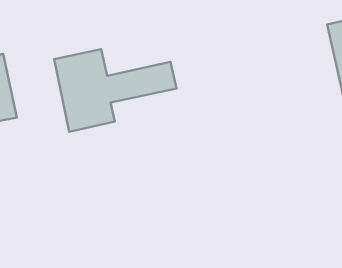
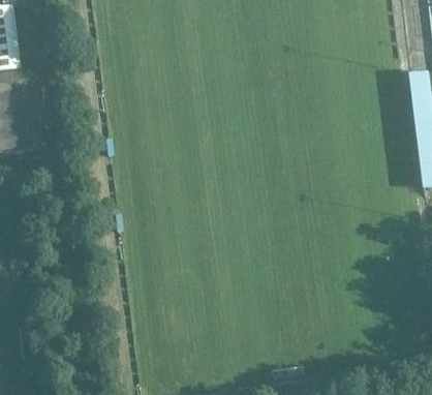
building: [54,49,176,132] -> none

